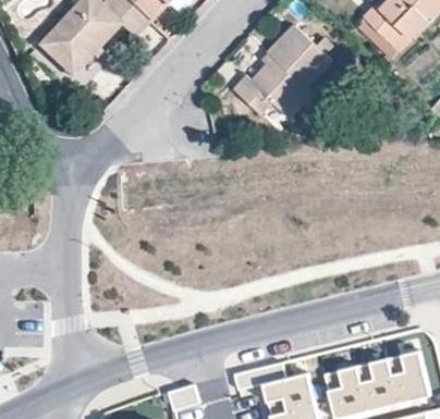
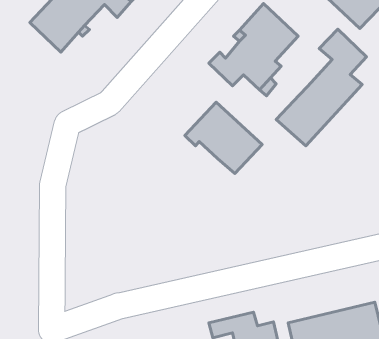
building: none -> [276,29,367,146]
building: none -> [185,102,262,174]

